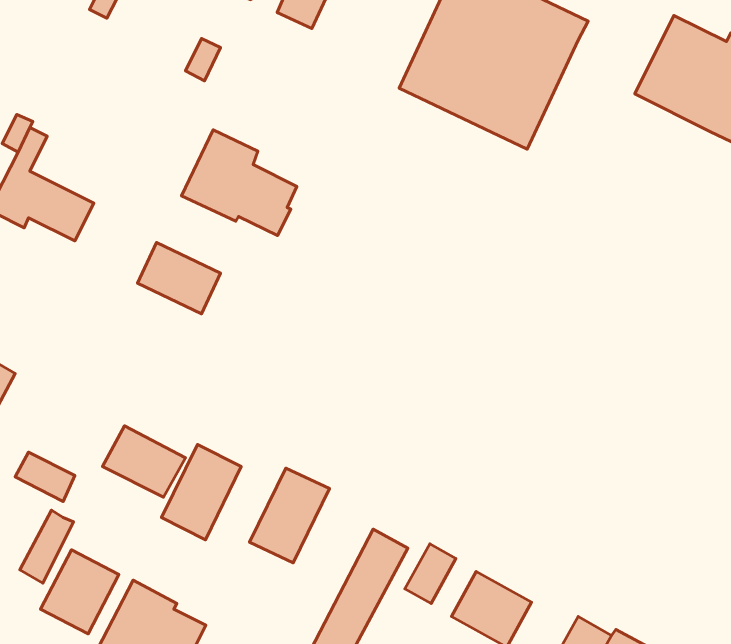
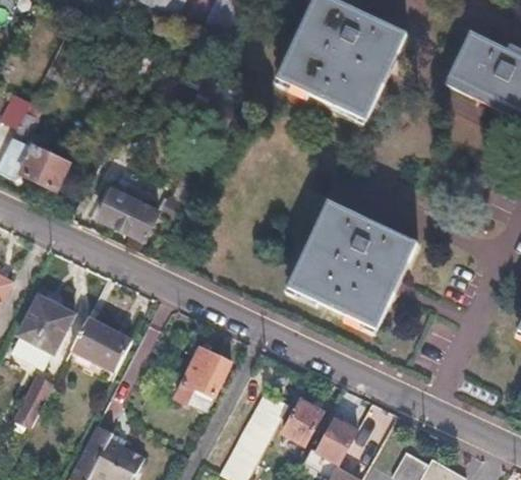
building: [182,130,297,236] -> none
building: none -> [285,201,422,334]
building: none -> [19,293,74,352]
building: [161,444,241,540] -> none
building: [41,550,119,634] -> none

